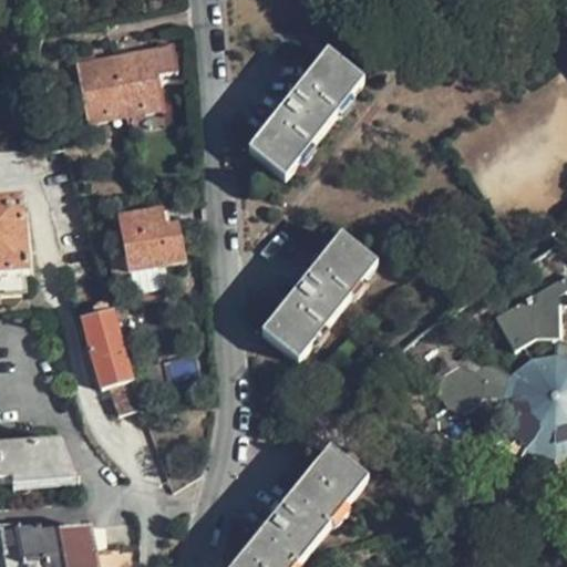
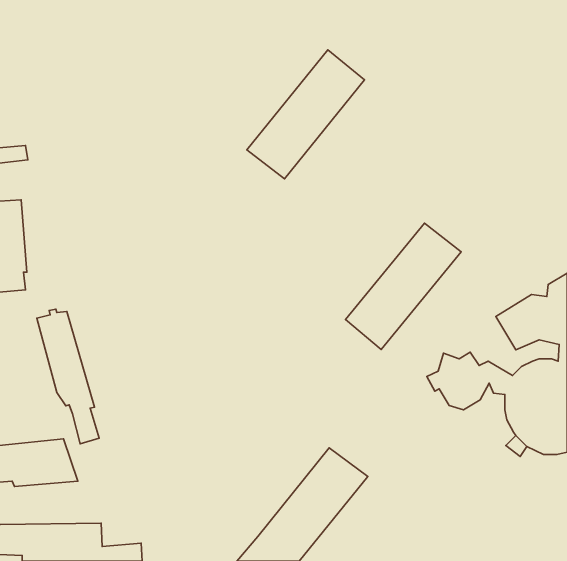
building: [74,43,176,122] -> none
building: [121,210,186,271] -> none
building: [260,233,375,359] -> [346,223,461,350]
building: [82,305,144,439] -> [37,309,99,444]

